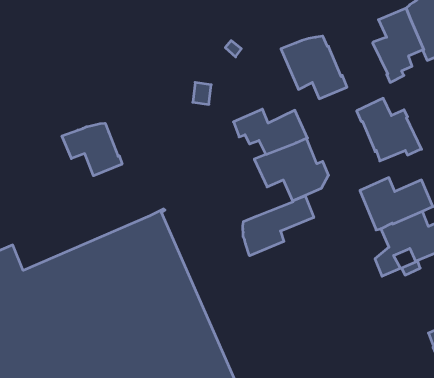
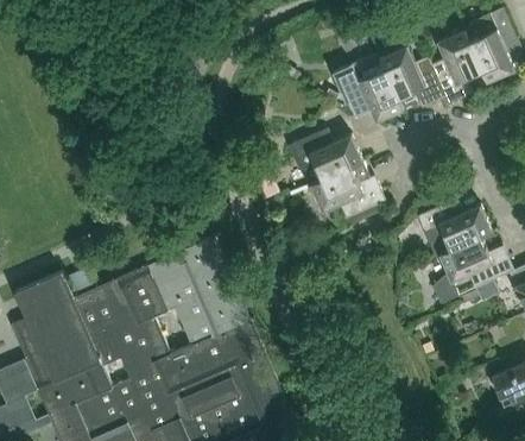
building: [357,98,422,161] -> [378,44,444,108]
building: [62,123,122,176] -> none
building: [243,196,314,256] -> none

